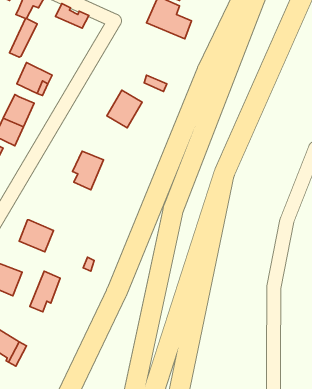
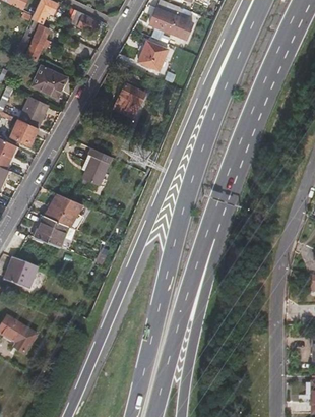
building: none -> [144,44,174,72]
building: none -> [43,193,80,228]
building: [30,271,60,312] -> none

